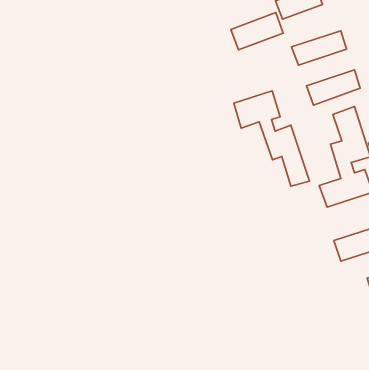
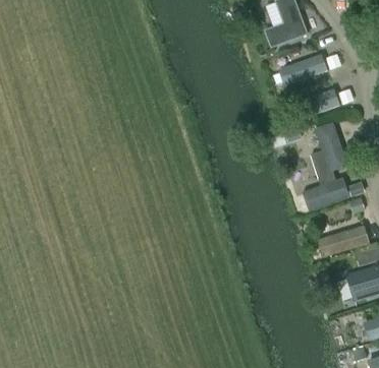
building: [231,13,283,50] -> none
building: [234,91,310,186] -> none

